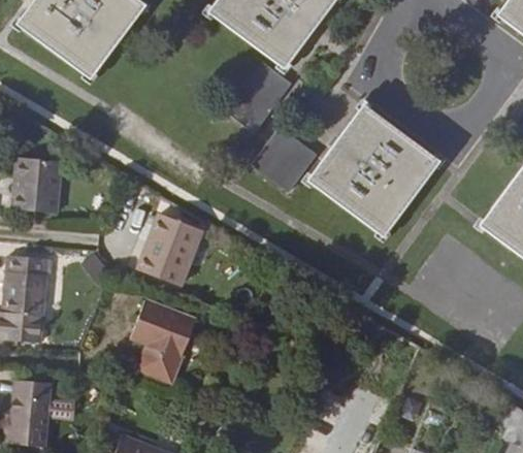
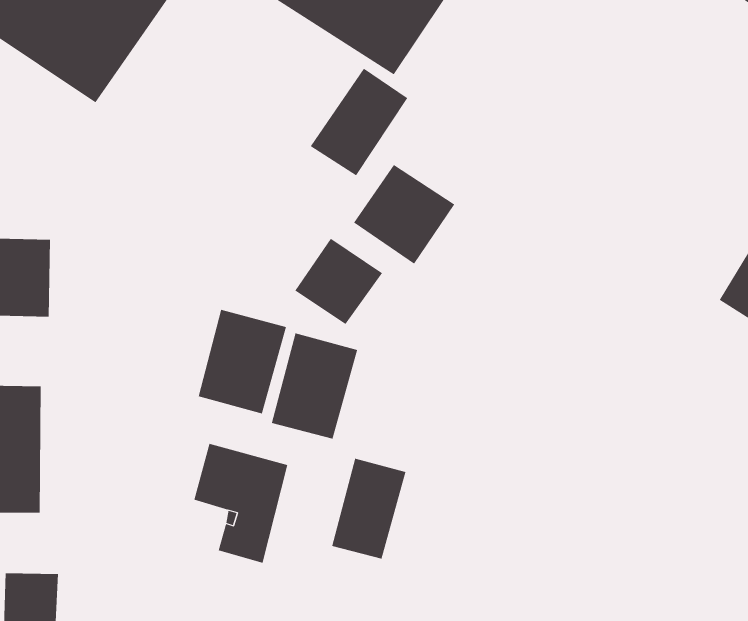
building: [306,107,435,236] -> none
building: none -> [294,238,383,325]
building: none -> [271,332,358,440]
building: none -> [332,458,406,559]

